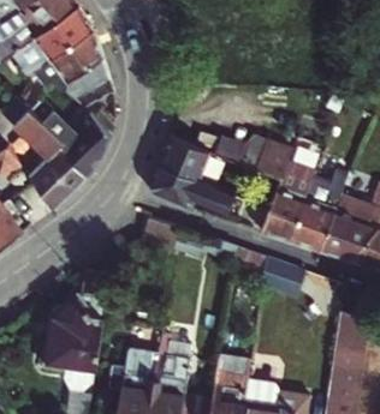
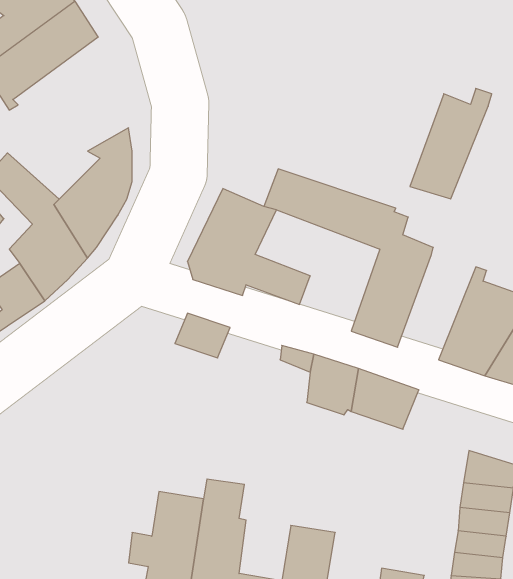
building: [32,32,107,101] -> none
building: [292,175,348,250] -> [410,88,492,199]
building: [43,270,111,372] -> none

